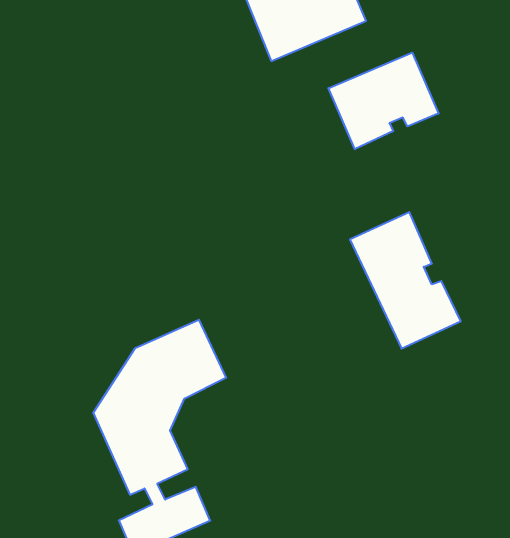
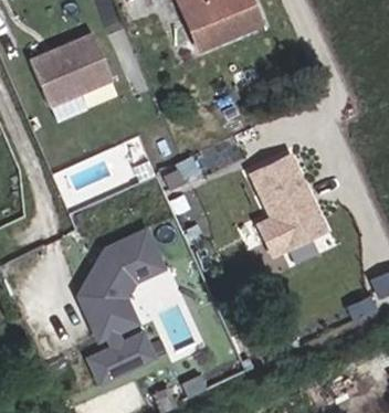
building: none -> [28,36,111,109]
building: [328,53,439,149] -> none

